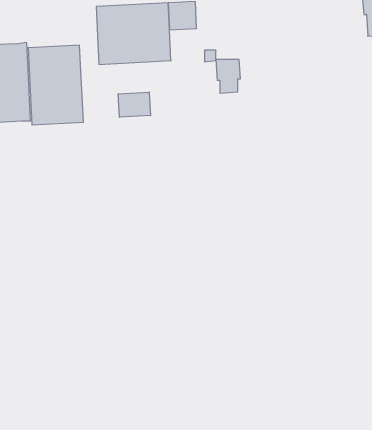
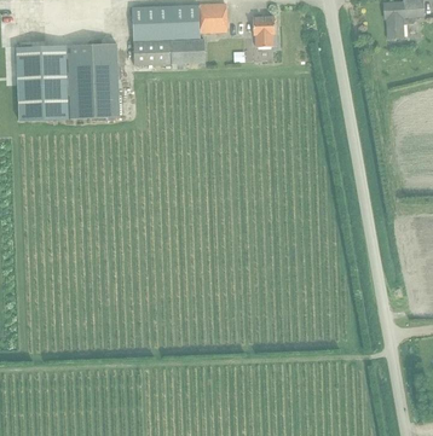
building: [216,60,240,93] -> [253,13,276,45]
building: [118,92,150,117] -> none

